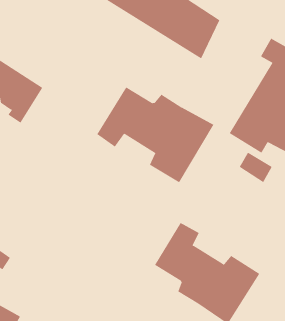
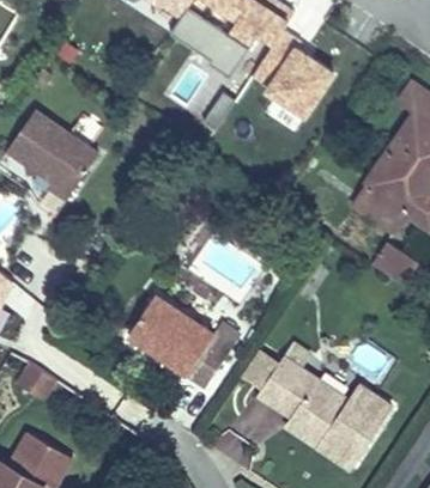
building: [96,86,214,183] -> none
building: none -> [126,294,241,389]

